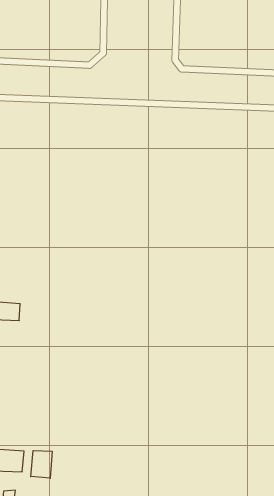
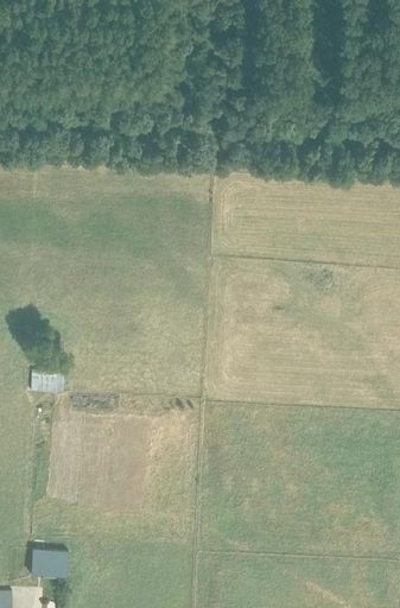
building: [31,451,52,478] -> none

